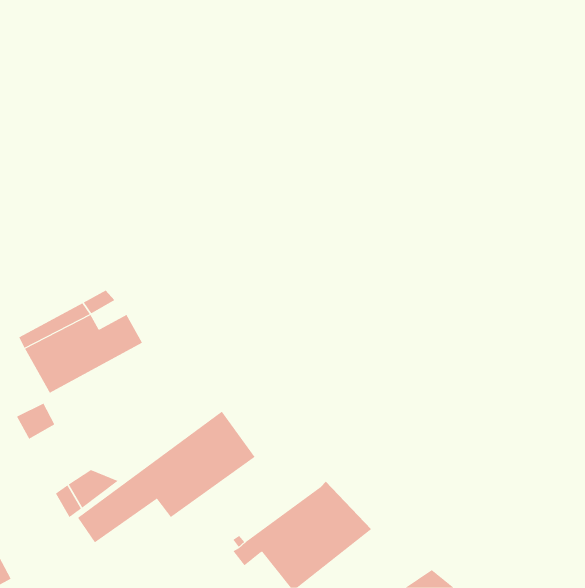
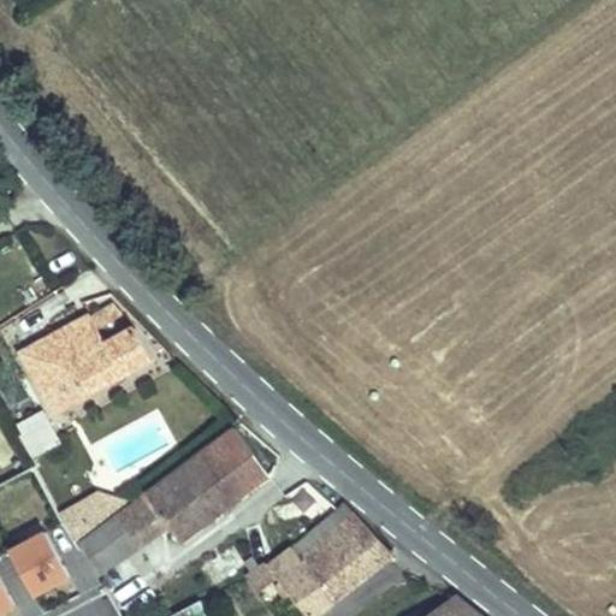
building: none -> [7,533,66,596]

